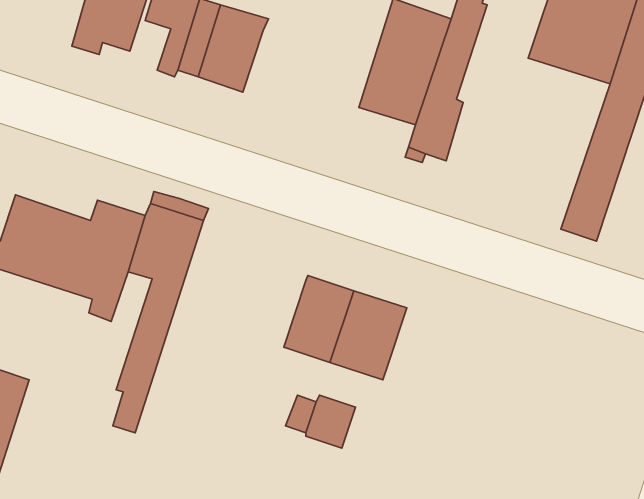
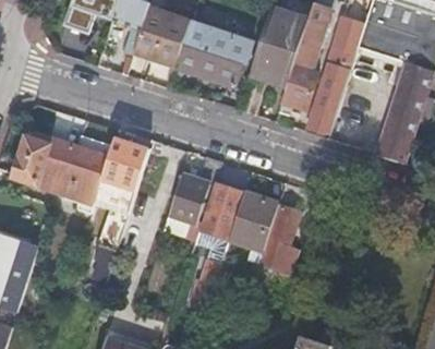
building: none -> [305,17,362,133]
building: none -> [173,25,252,85]
building: none -> [162,158,221,241]
building: none -> [258,206,300,274]

